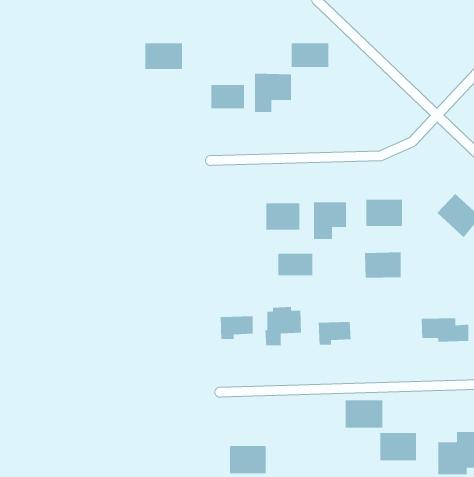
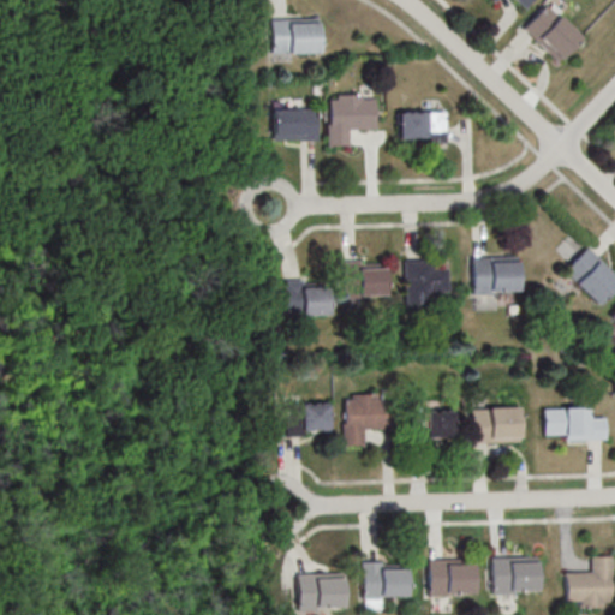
building: none -> [526,6,585,64]
building: [291,43,329,68] -> [401,111,450,143]
building: [145,43,183,70] -> [274,18,323,53]
building: [364,252,401,279] -> [473,408,521,443]
building: [278,253,313,276] -> [287,285,333,315]
building: [345,399,383,428] -> [429,559,478,596]
building: none -> [364,561,411,609]

